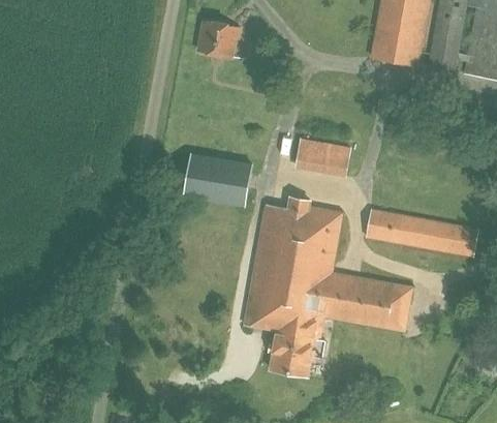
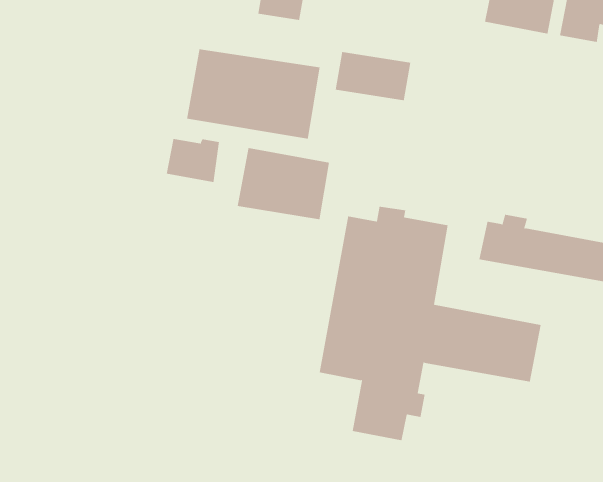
building: none -> [187,48,320,140]
building: [300,140,358,177] -> [335,52,411,101]
building: none -> [166,138,220,183]

